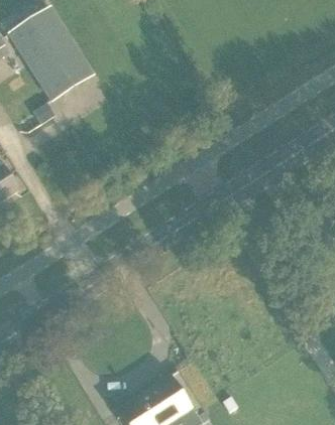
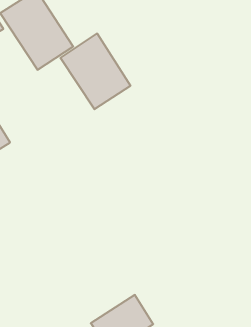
building: none -> [61,33,130,109]

